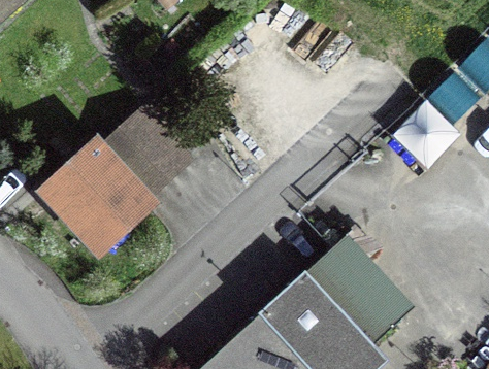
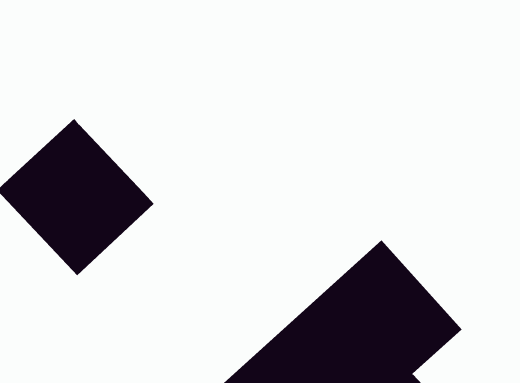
building: [101,99,196,193] -> none

